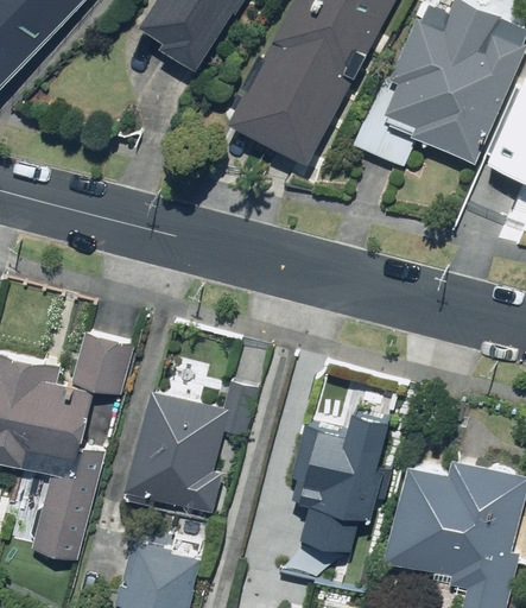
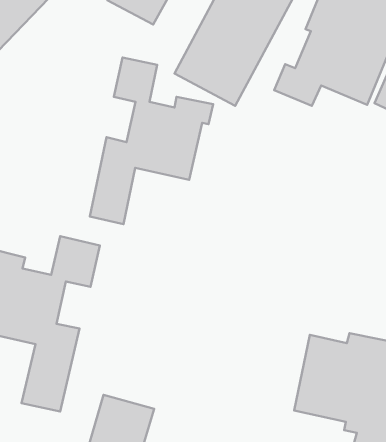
building: none -> [90,58,213,224]
building: [123,382,255,511] -> none
building: [303,414,389,549] -> none

